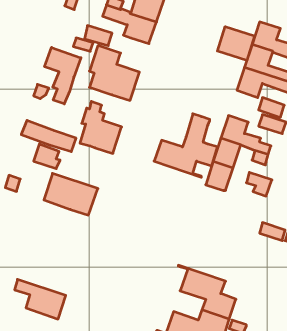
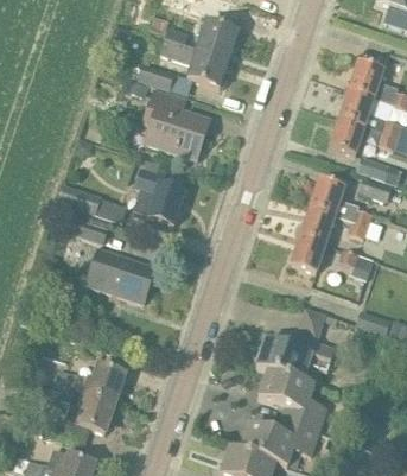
building: [217,27,255,61] -> none
building: [45,47,81,104] -> none
building: [154,114,217,177] -> [255,305,335,385]
building: none -> [53,363,123,402]

